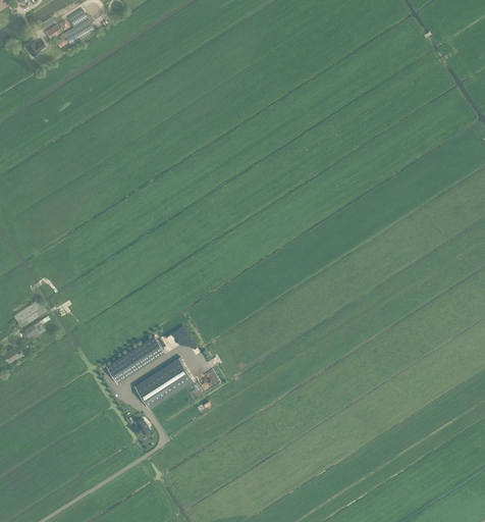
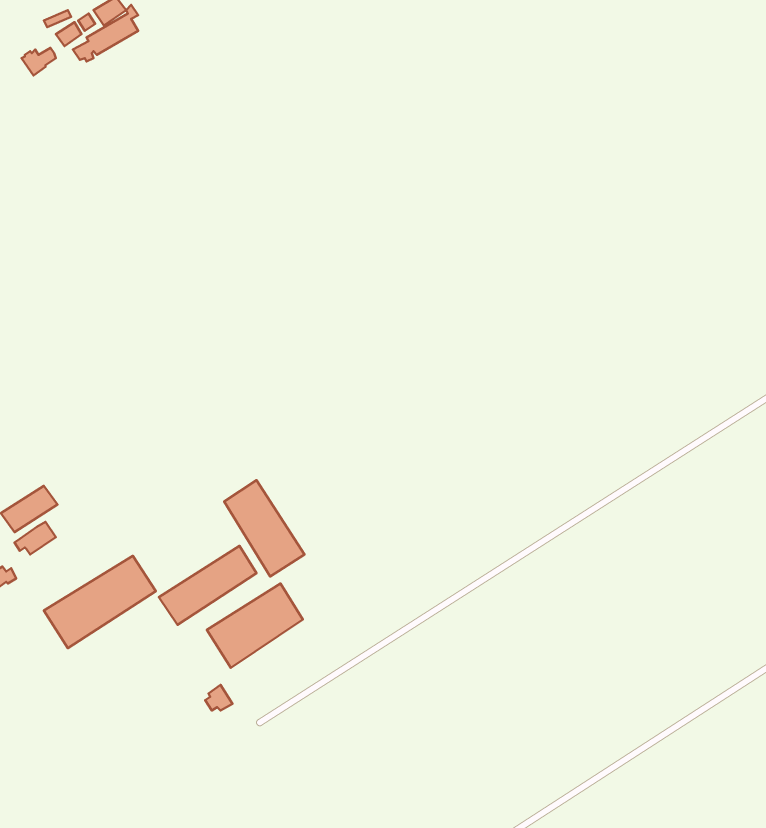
building: none -> [224,480,305,576]
building: none -> [44,556,156,648]

